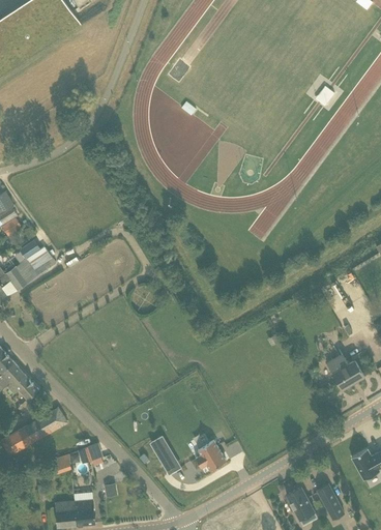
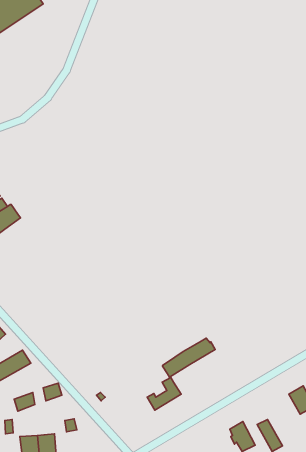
building: [319,360,363,390] -> none
building: none -> [162,338,215,377]
building: [152,435,181,474] -> none

